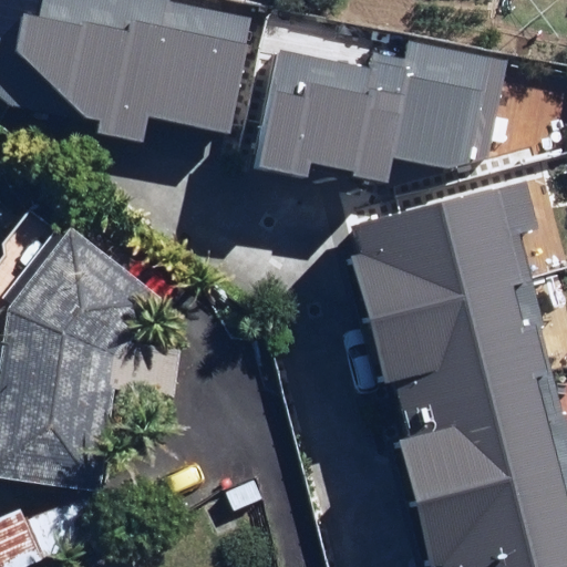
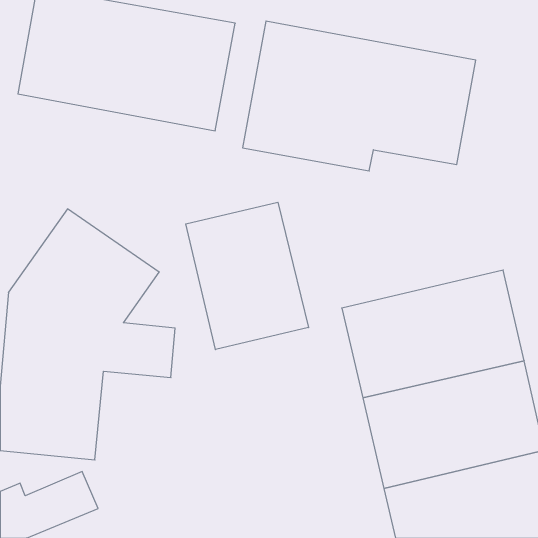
building: [338,189,529,323] -> none
building: none -> [186,202,309,350]

